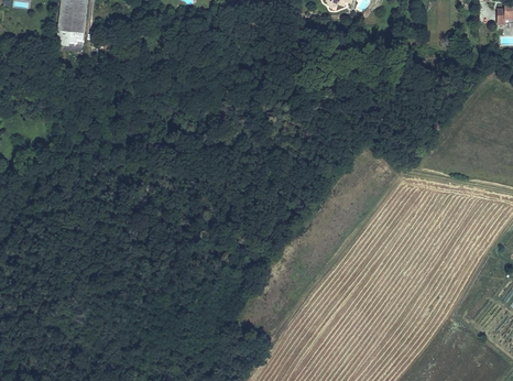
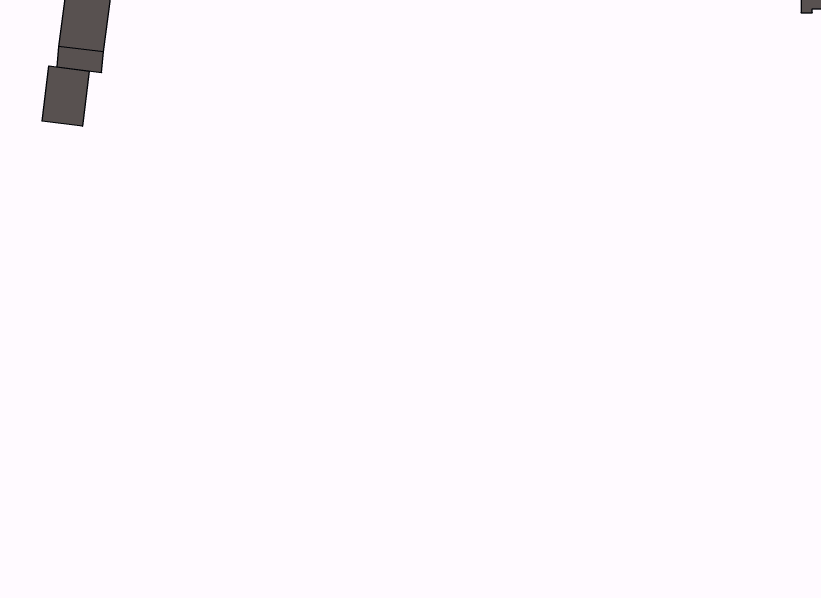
building: none -> [42,66,89,126]

